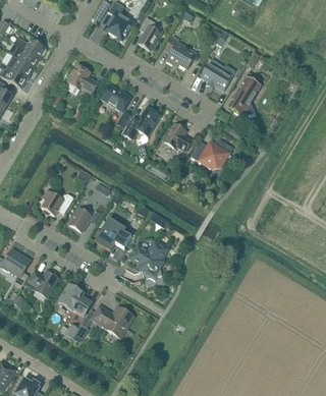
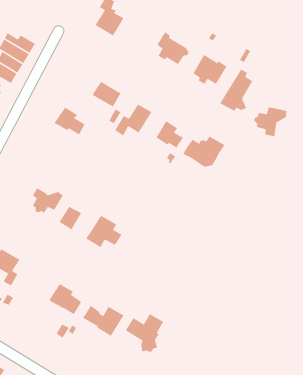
building: [138,16,161,50] -> none
building: [66,65,98,94] -> [54,107,86,135]
building: none -> [253,106,287,137]
building: [129,240,168,280] -> [125,313,164,353]
building: [29,270,58,297] -> none

